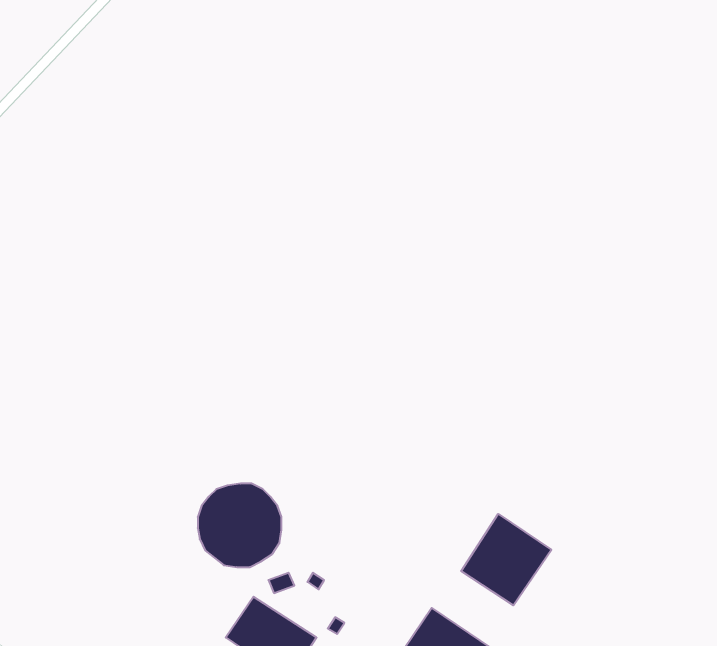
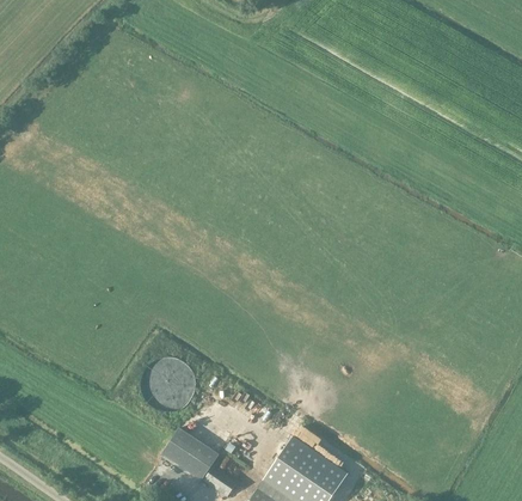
building: [461,514,551,605] -> none

